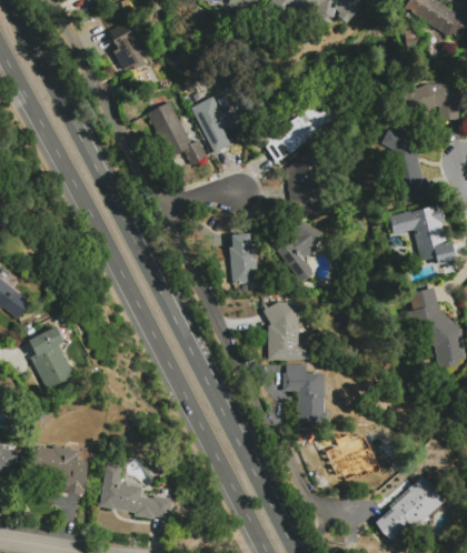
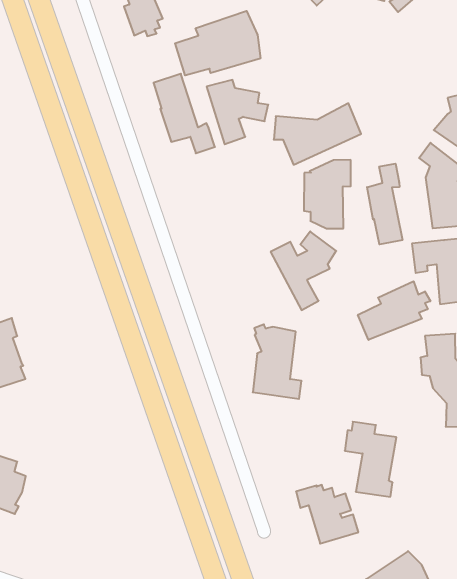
building: none -> [175,11,260,75]
building: none -> [367,164,402,244]
building: [230,234,258,284] -> none
building: none -> [358,281,430,340]
building: [284,365,328,424] -> [345,422,396,497]
building: [100,463,172,516] -> none

